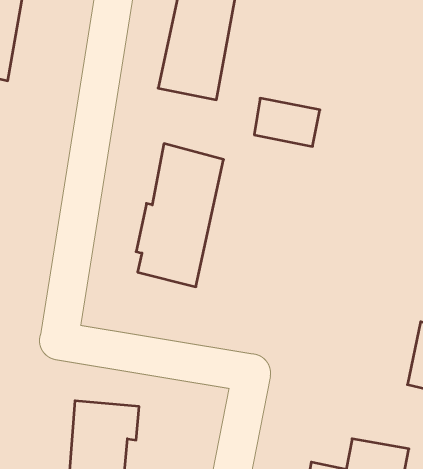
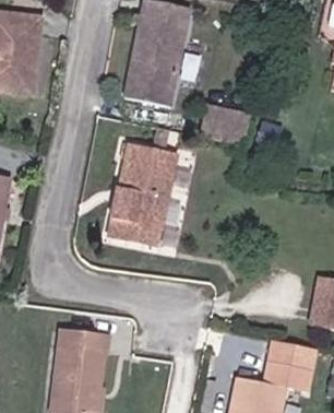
building: none -> [273,338,320,367]

